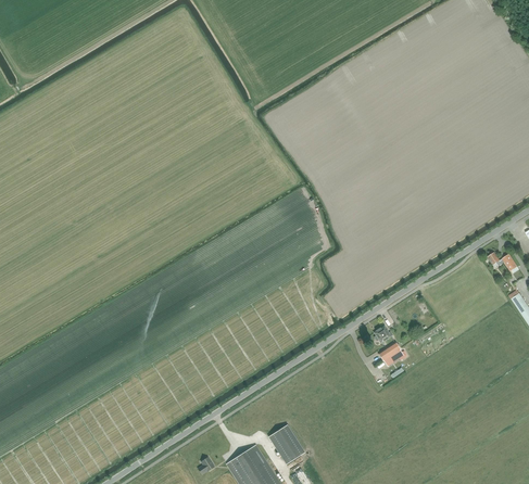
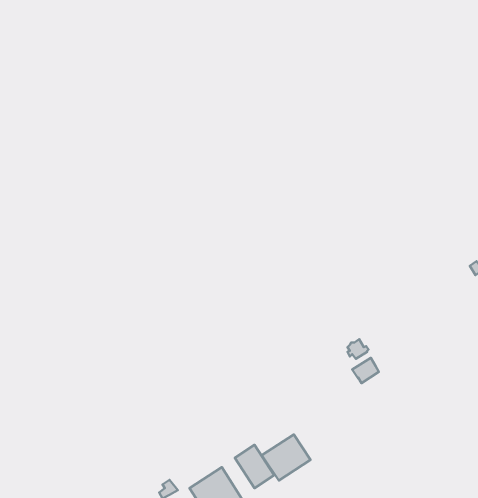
building: none -> [262,434,311,481]

